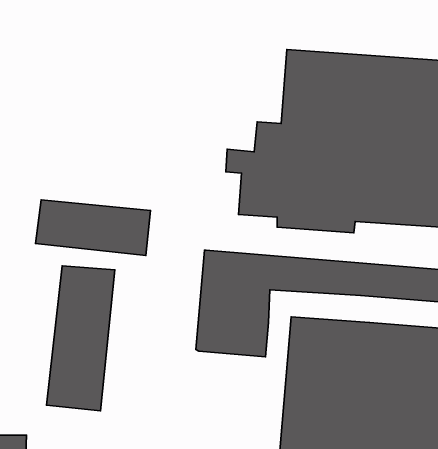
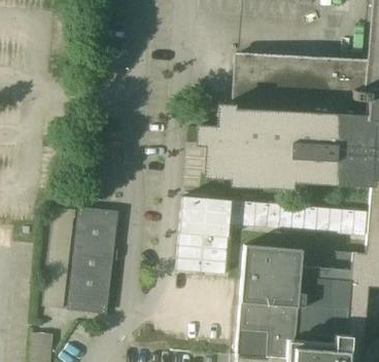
building: [35,200,150,256] -> none

